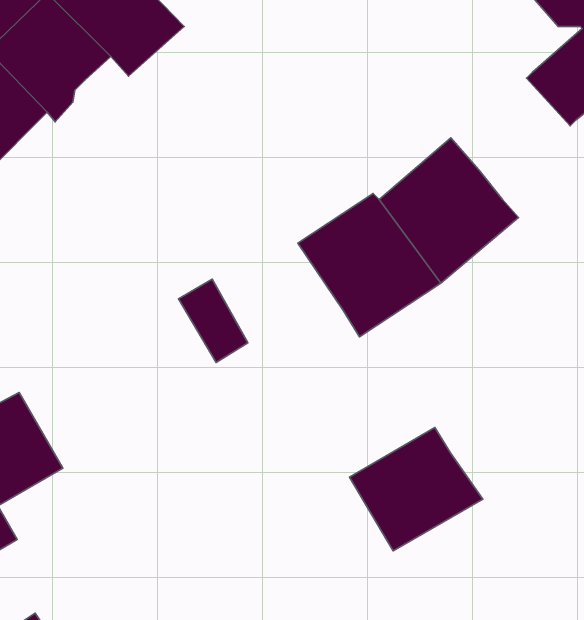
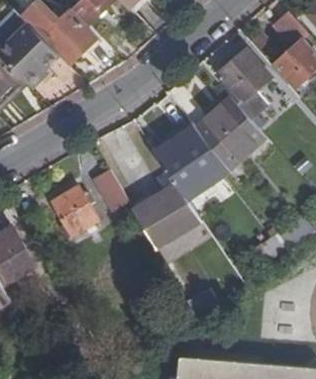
building: none -> [218,49,270,99]
building: none -> [51,185,97,230]
building: [349,428,483,551] -> [133,184,201,247]

